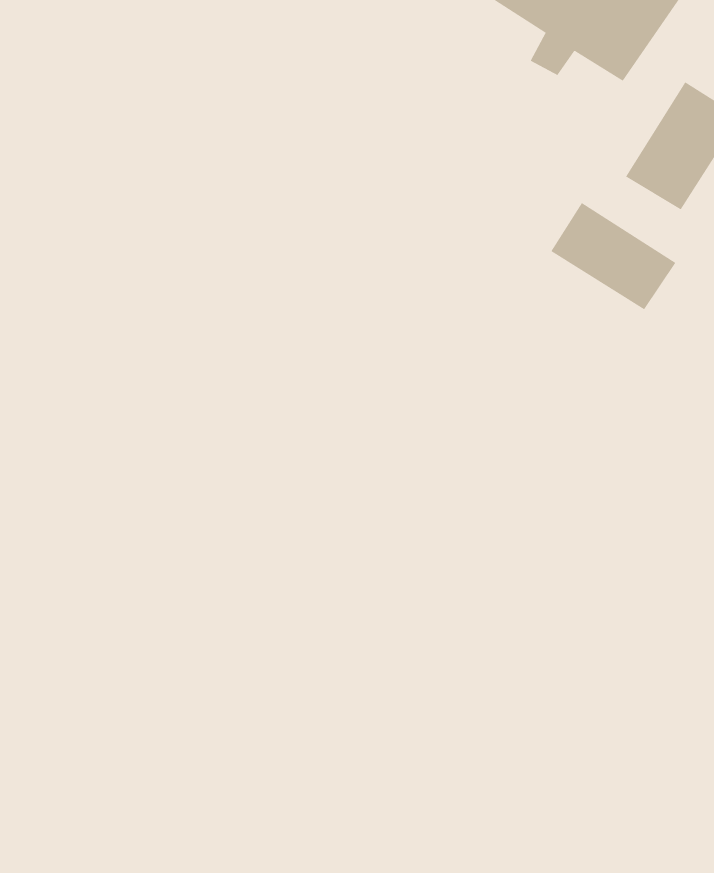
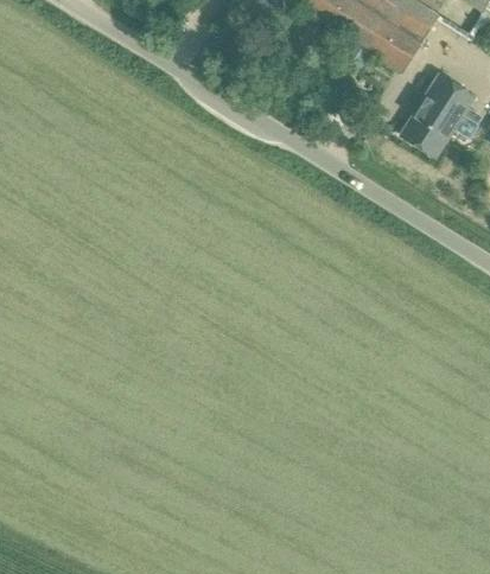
building: [551,202,676,310] -> none

